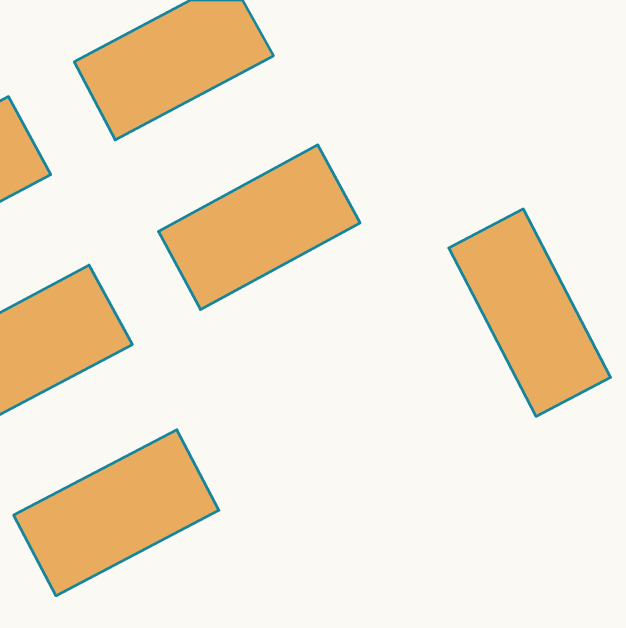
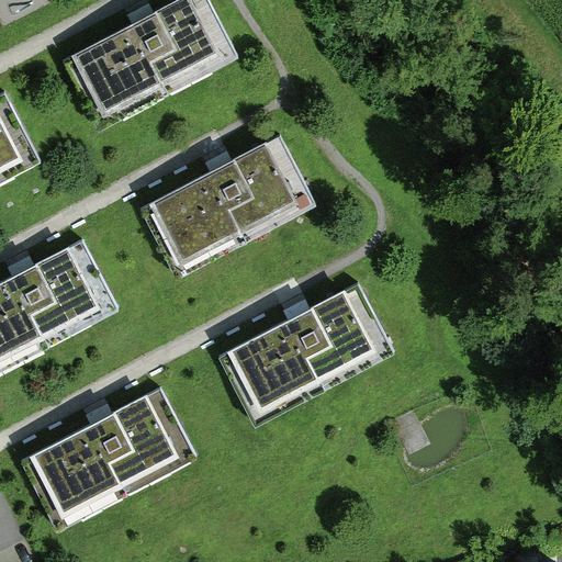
building: [449,209,611,416] -> none
building: none -> [214,281,396,427]

